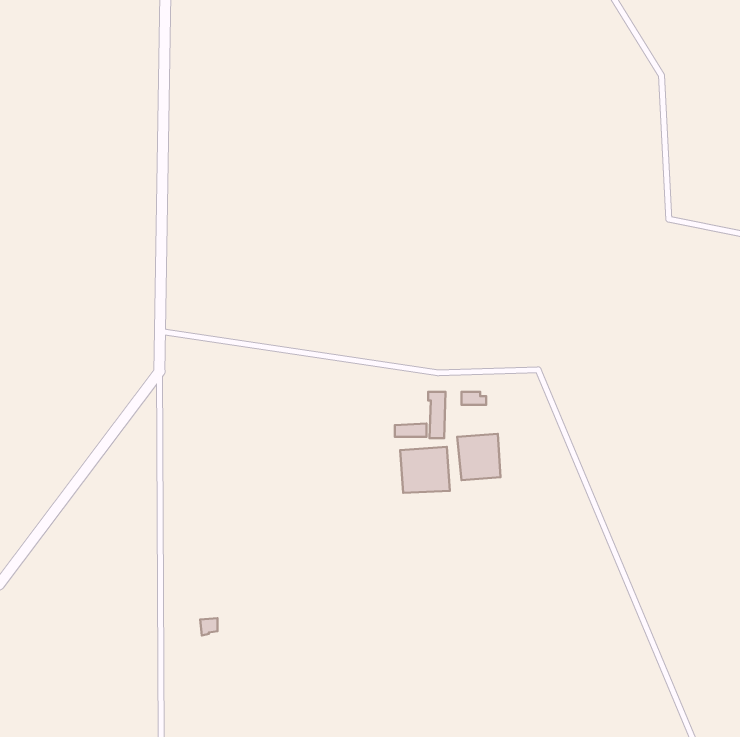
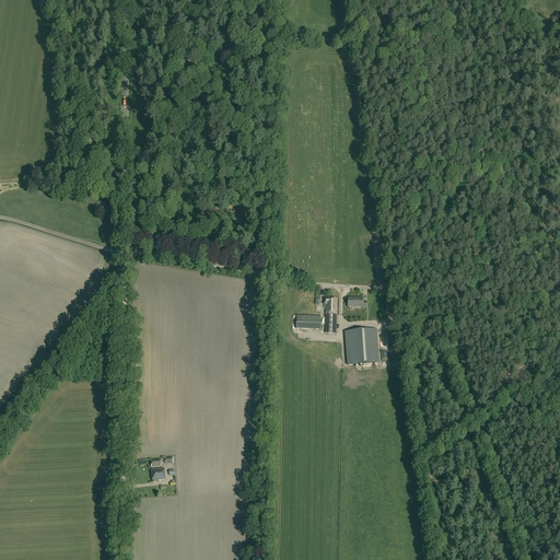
building: [400,447,450,493] -> none

